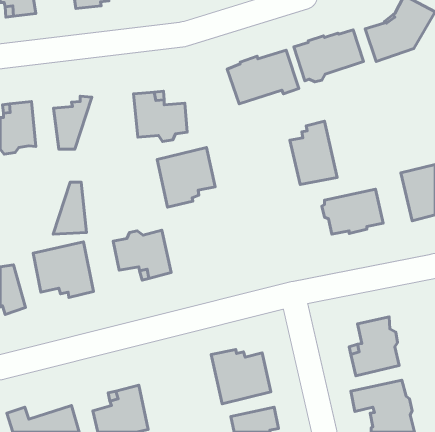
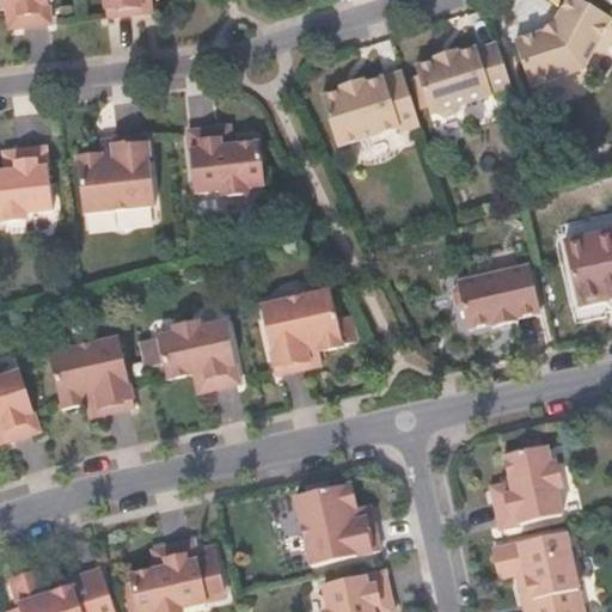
building: [290,121,337,185] -> none
building: [157,148,215,207] -> [263,290,344,374]
building: [53,182,86,234] -> [105,136,152,209]

